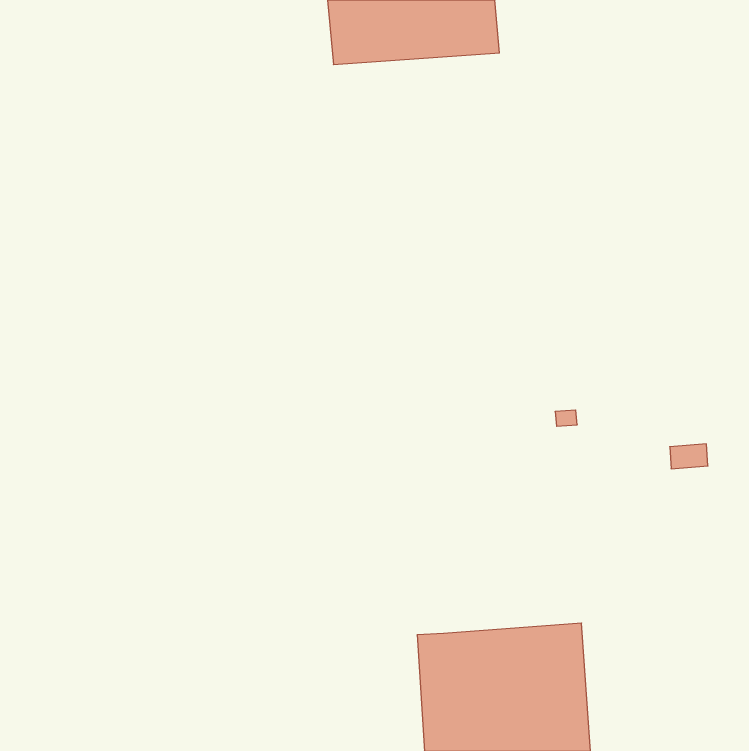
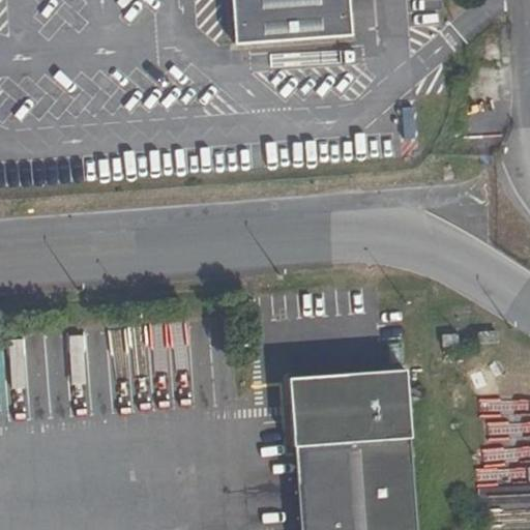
building: none -> [289,371,412,447]

